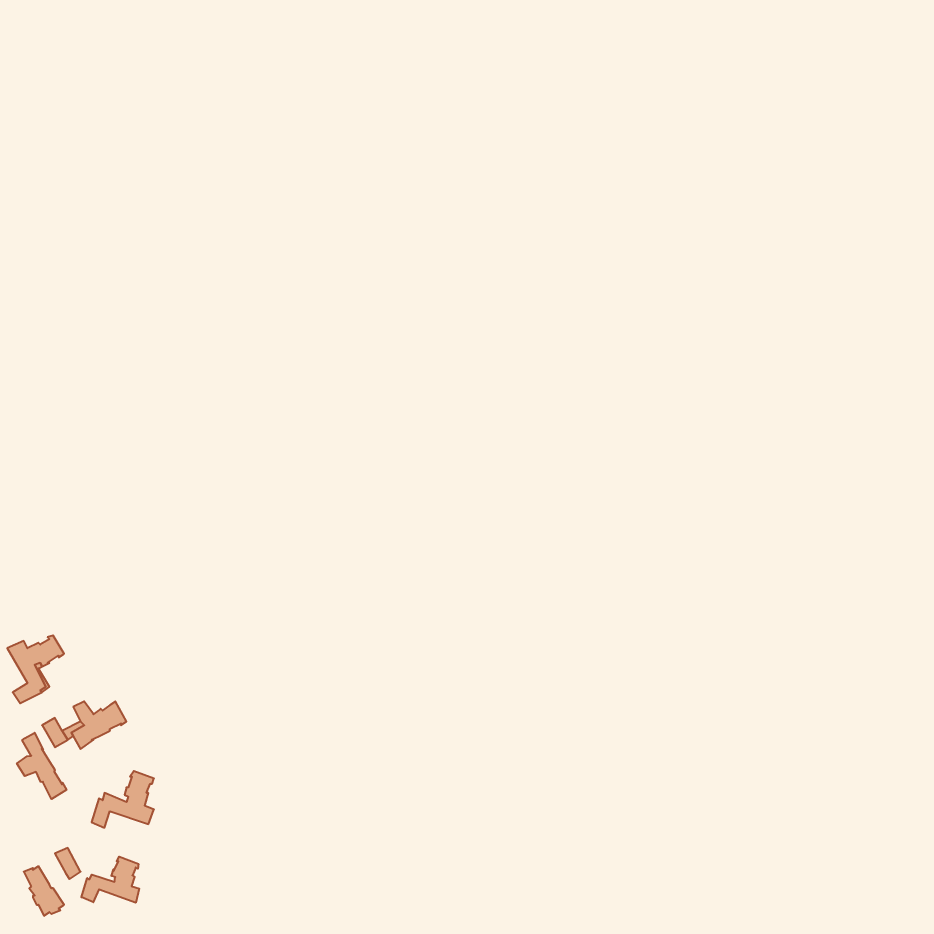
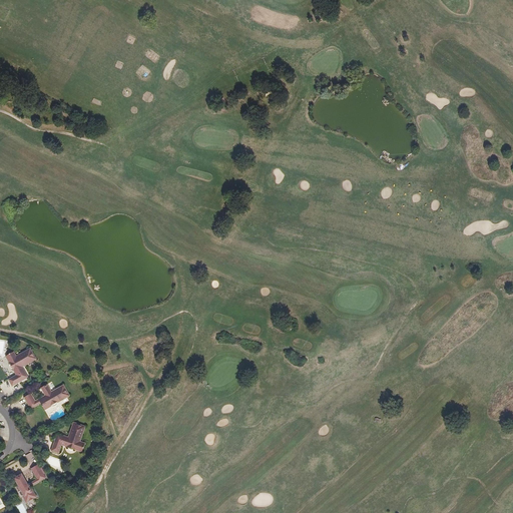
building: [17,733,66,799] -> none
building: [81,857,139,903] -> none

